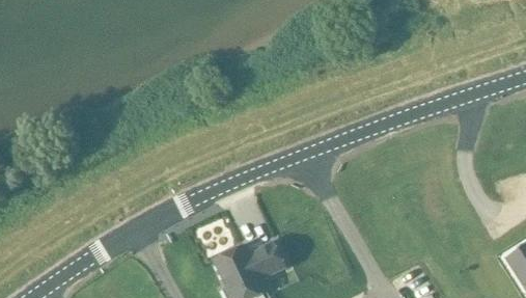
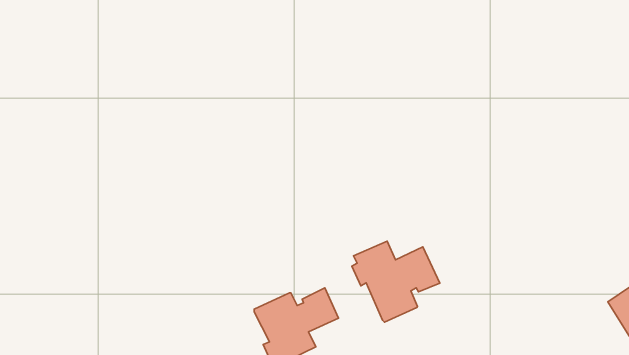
building: none -> [352,241,440,322]

